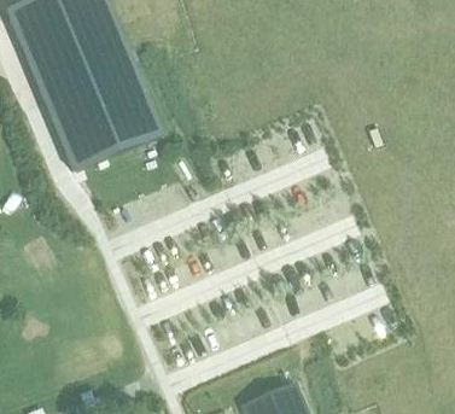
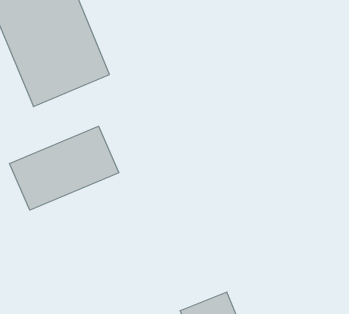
building: none -> [10,126,119,210]

